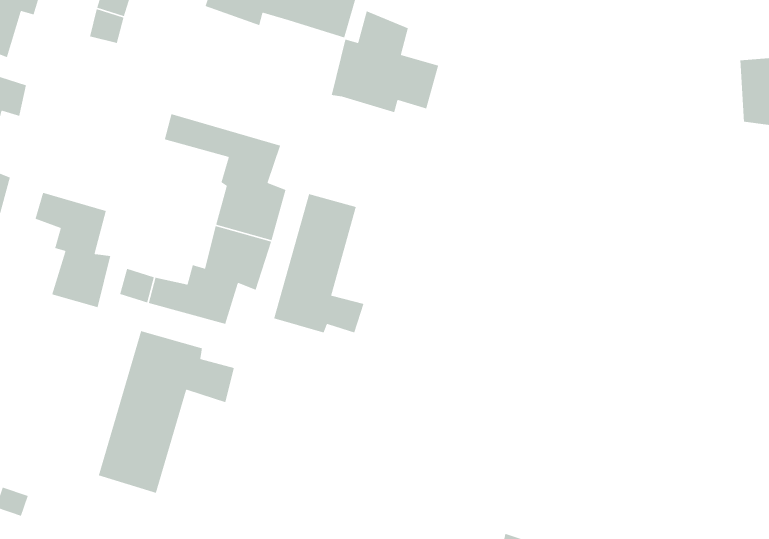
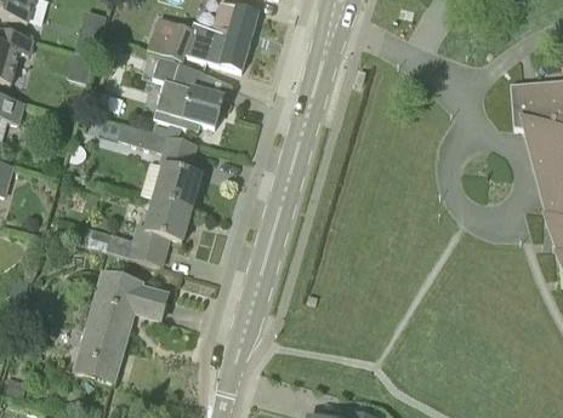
building: [331,10,439,113] -> [149,59,223,130]
building: [34,192,111,308] -> none
building: [273,193,364,333] -> none

